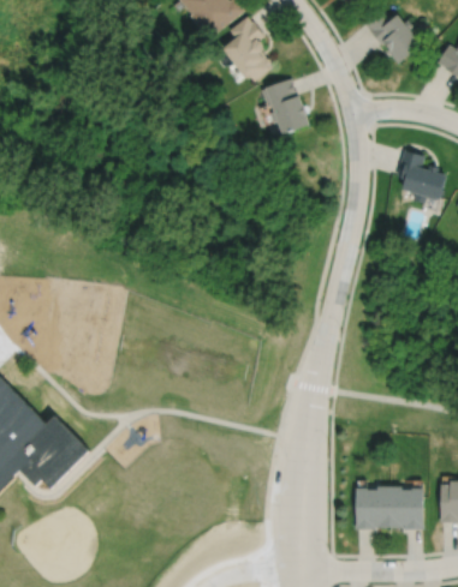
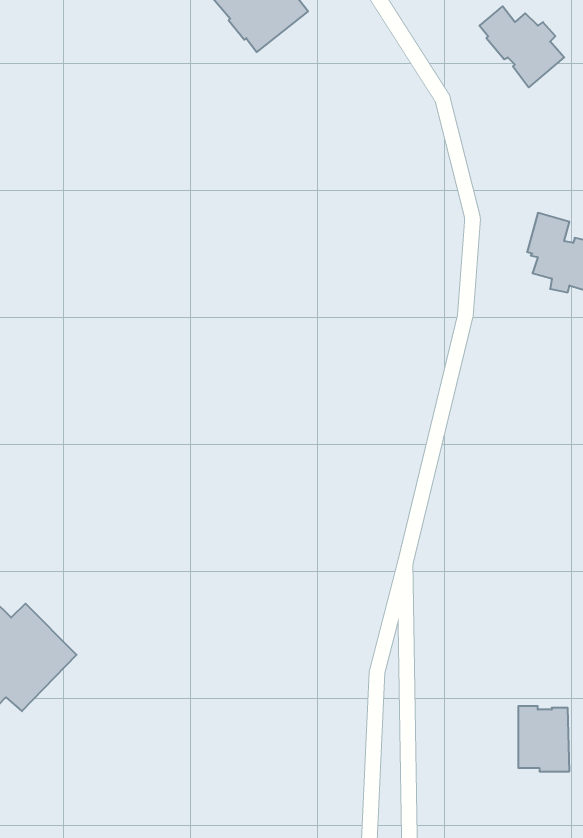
building: [225,17,274,83] -> none
building: [262,78,311,137] -> none
building: [355,483,388,527] -> none

